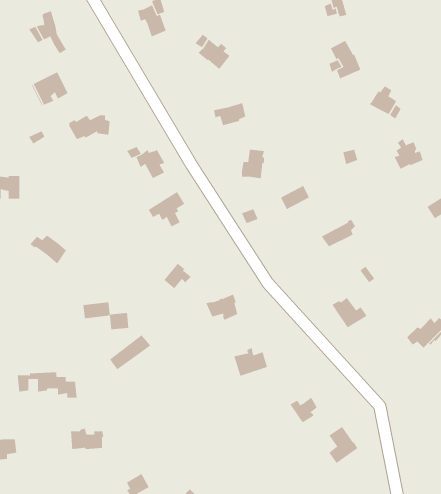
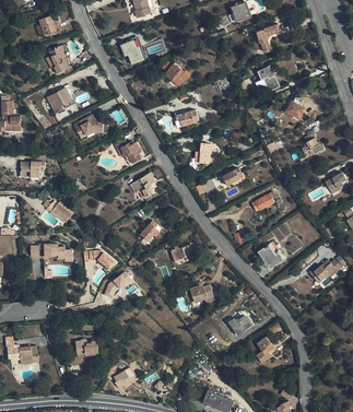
building: [17,372,78,398] -> [30,243,72,261]

